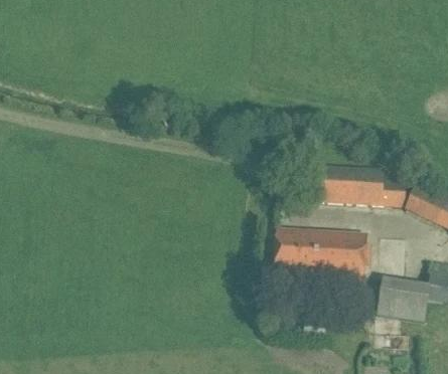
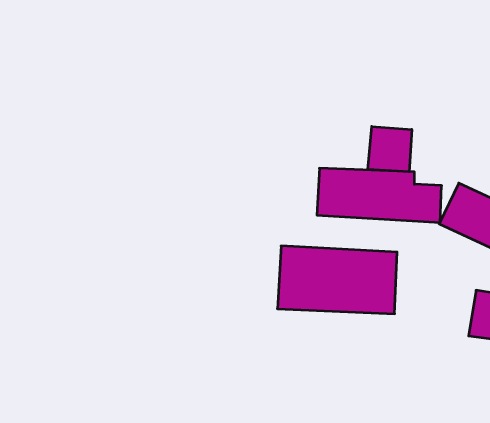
building: none -> [368,126,412,172]
building: [377,274,431,321] -> none

